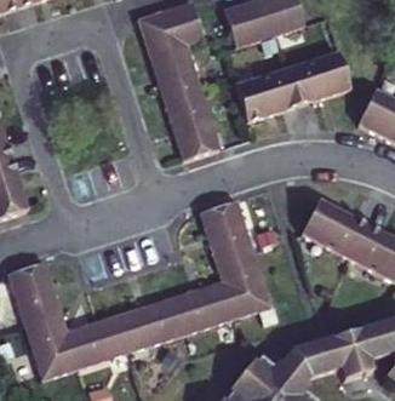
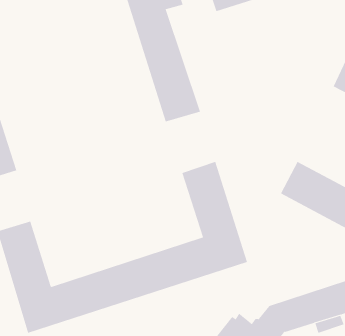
building: [236,50,350,118] -> none

